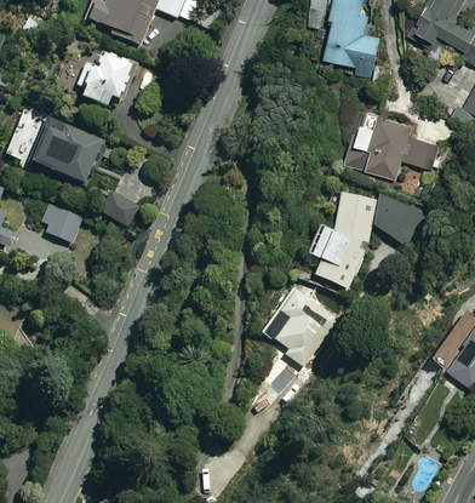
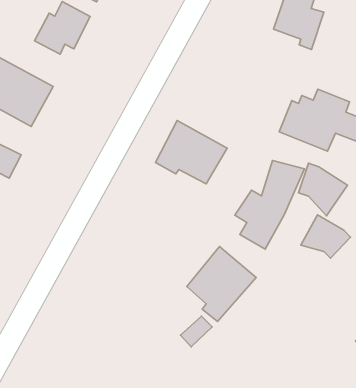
building: none -> [156,121,227,184]
building: [99,192,138,227] -> none
building: none -> [301,215,351,258]

